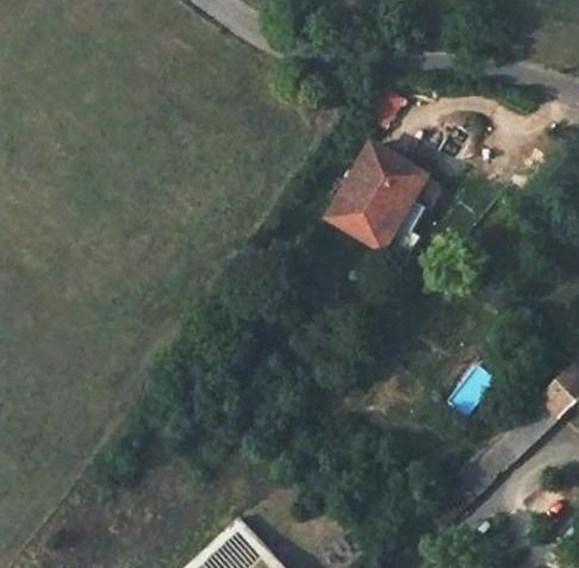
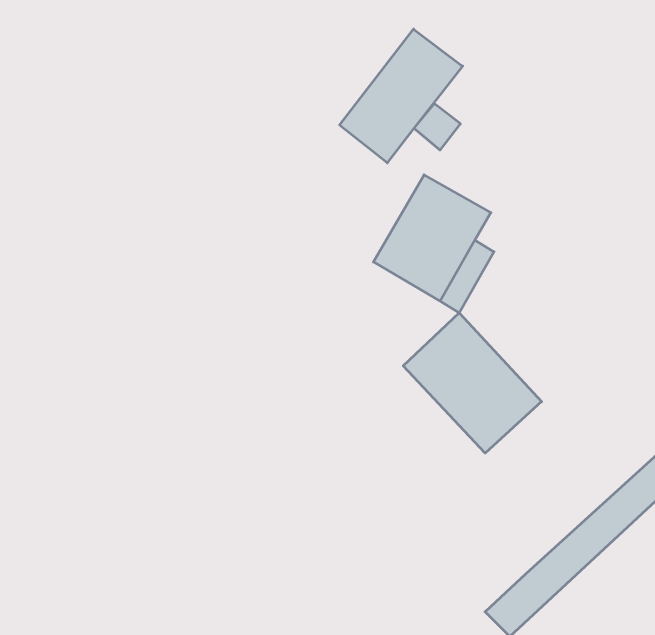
building: none -> [340,29,463,163]
building: none -> [403,313,542,453]

